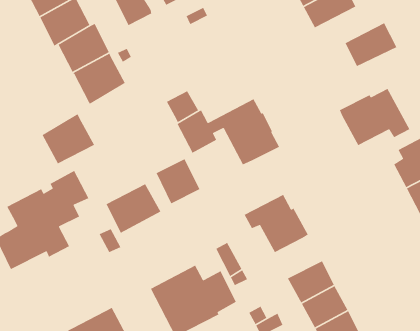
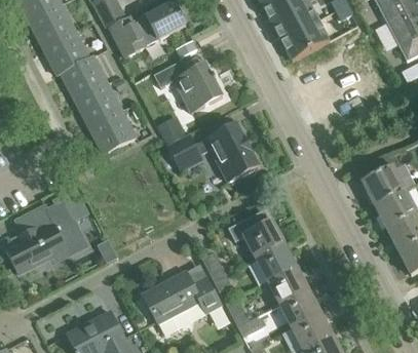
building: [345,22,397,67] -> none
building: none -> [153,62,223,113]
building: [339,88,411,146] -> none
building: [41,113,95,165] -> [89,109,138,155]
building: [155,158,200,204] -> none
building: [105,183,161,234] -> none
building: none -> [256,245,299,284]

